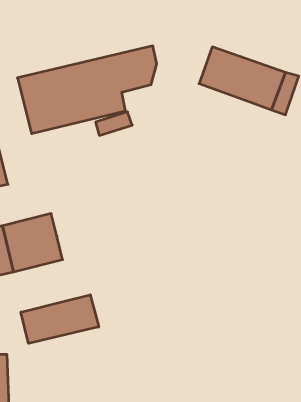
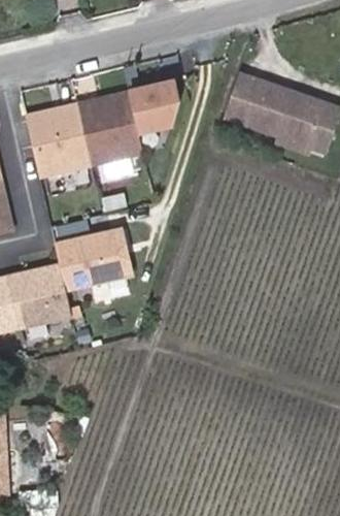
building: none -> [56,225,132,287]
building: [21,295,99,343] -> none

